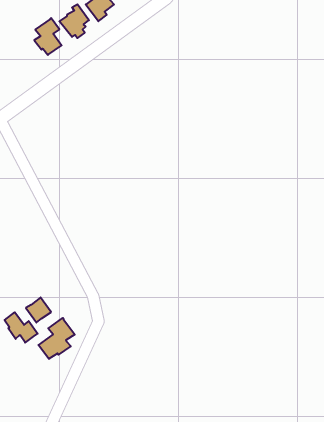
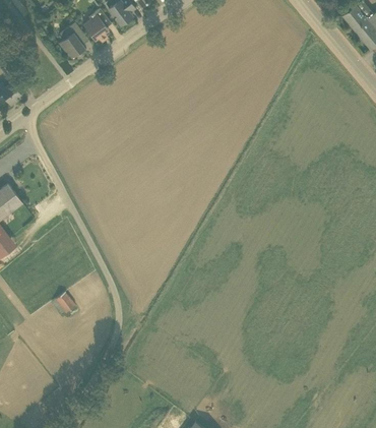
building: [5,312,38,343] -> none
building: [38,318,75,359] -> none

